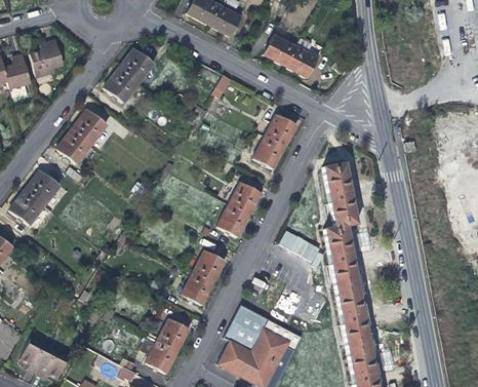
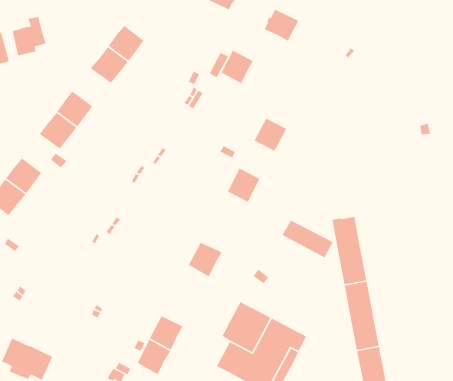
building: [286,45,319,77] -> none
building: [266,113,296,145] -> [220,50,254,84]
building: [324,163,358,228] -> none
building: [218,203,249,236] -> none
building: [183,271,213,304] -> none

